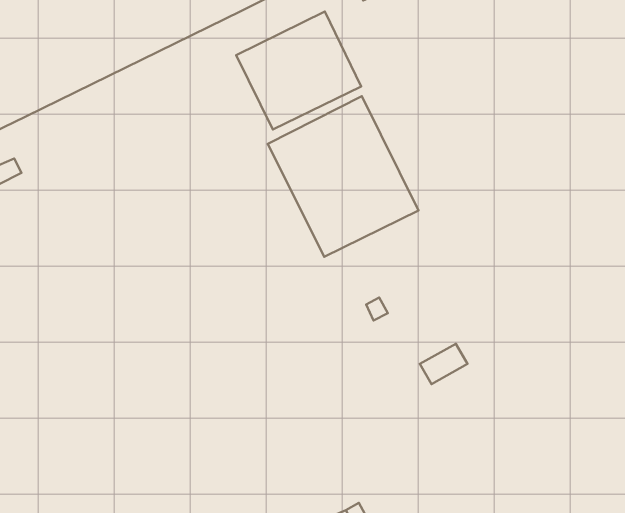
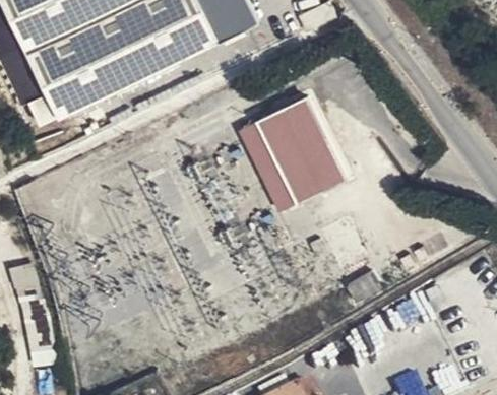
building: [236,11,361,130] -> none

